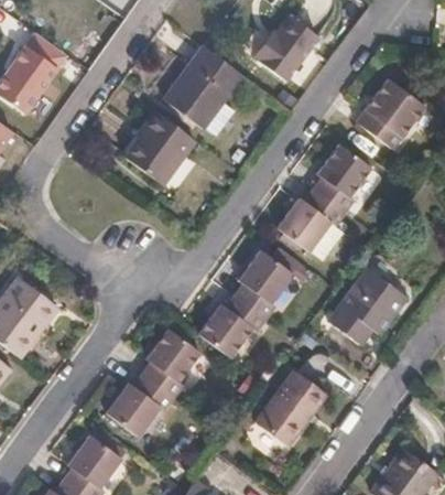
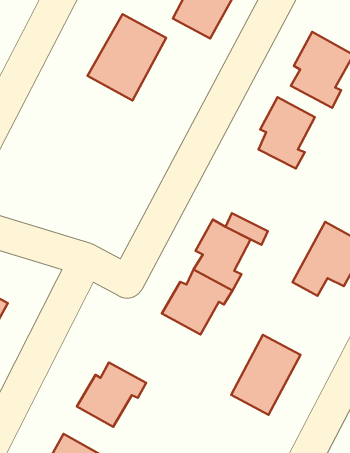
building: [123,109,194,183] -> none
building: [280,192,348,252] -> none
building: [143,331,200,399] -> none

